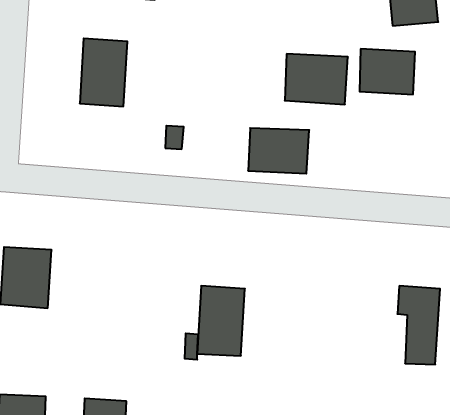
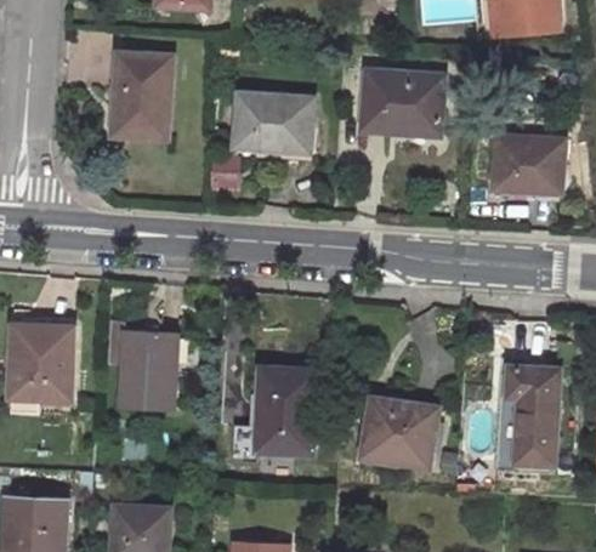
building: [360,49,415,94] -> [495,142,564,199]
building: [248,128,309,174] -> [232,97,308,154]
building: none -> [120,325,177,405]
building: none -> [359,395,431,462]

